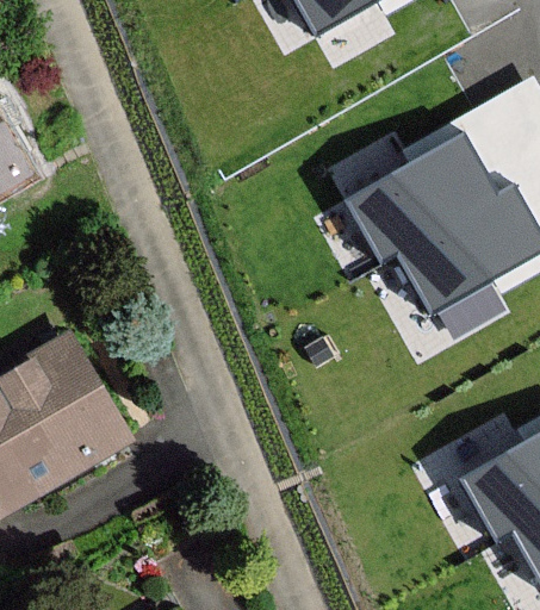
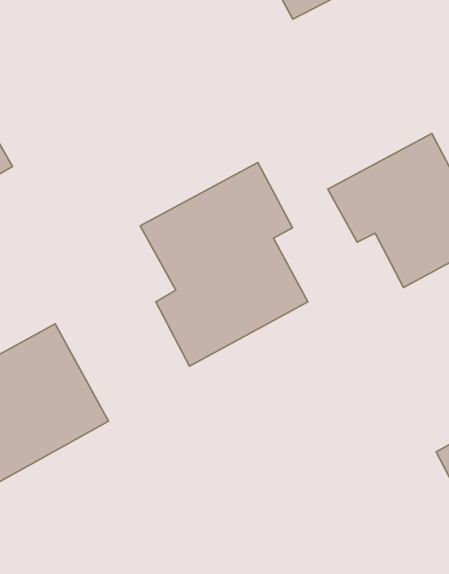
building: none -> [140,162,308,366]

